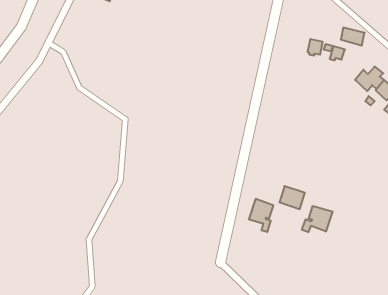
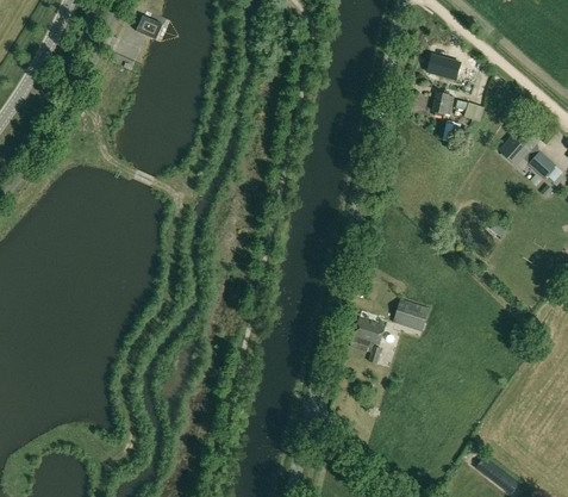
building: [341,28,365,45] -> [429,54,462,79]
building: [302,206,333,232] -> none

